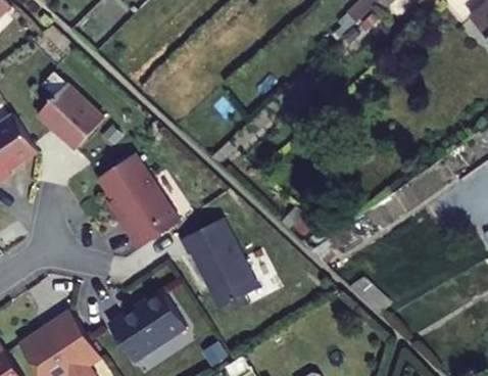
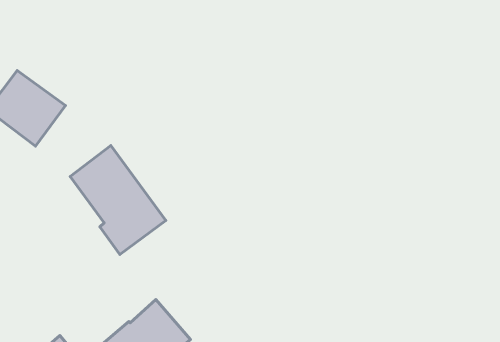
building: [178,222,258,312] -> none

